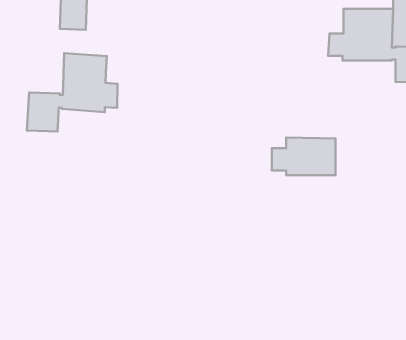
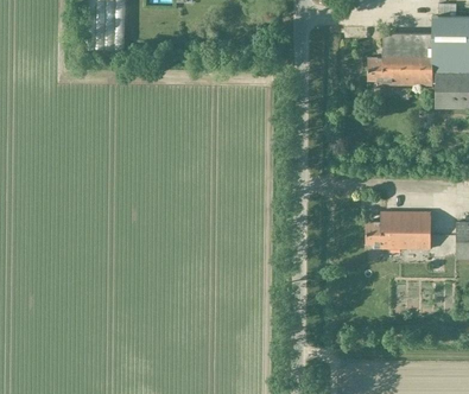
building: [27,53,118,132] -> none
building: [272,137,336,175] -> [366,211,430,249]

